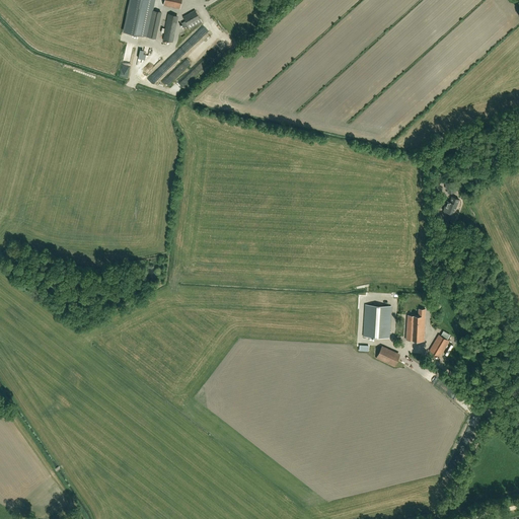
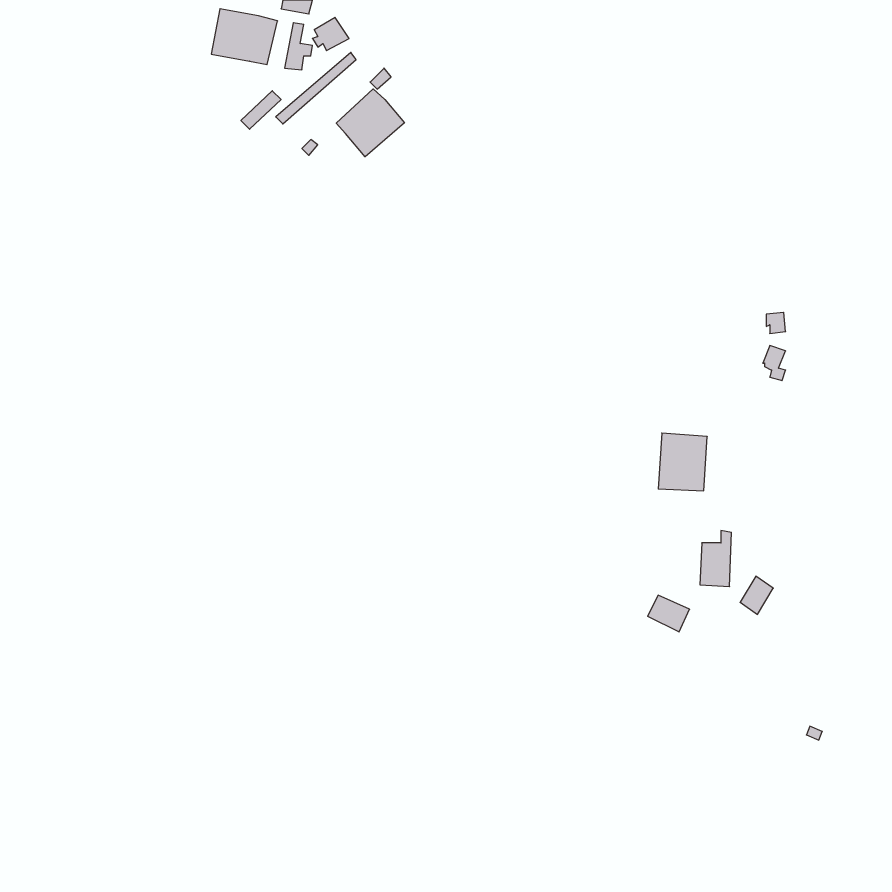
building: none -> [336,89,404,157]
building: [363,304,391,338] -> [658,433,707,491]

